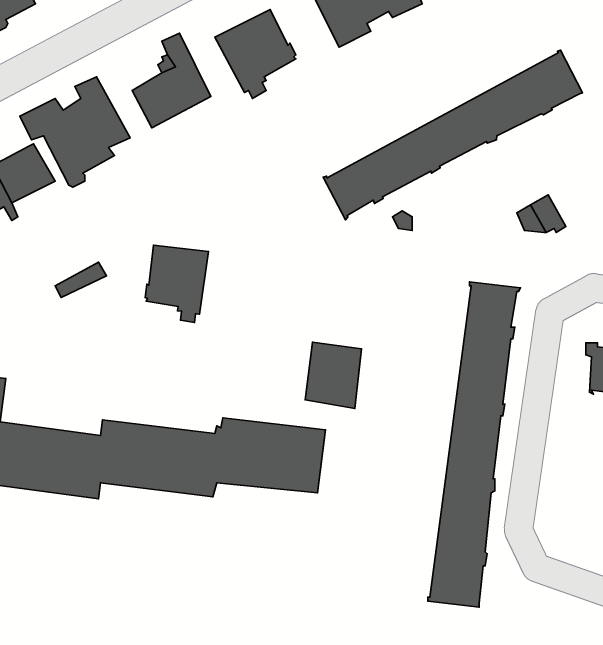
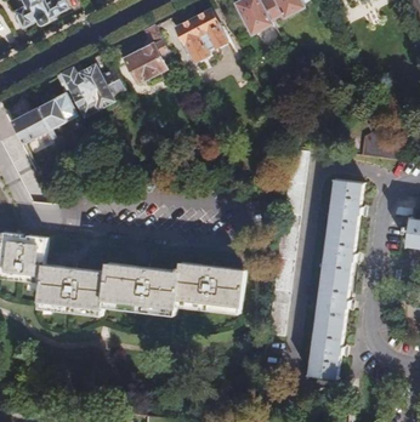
building: [323,50,583,220] -> none
building: [145,245,208,323] -> none
building: [305,342,361,409] -> none

